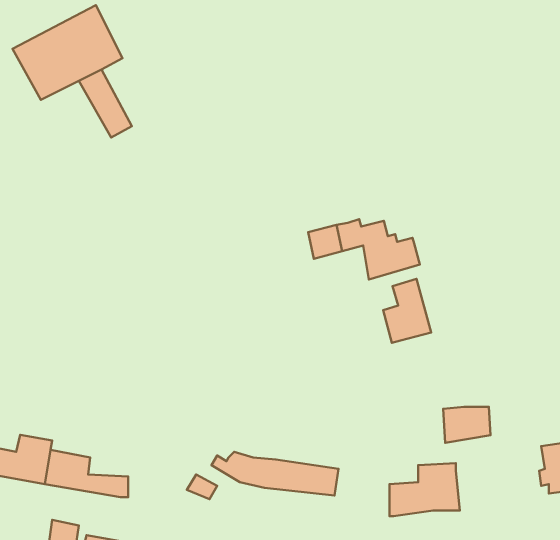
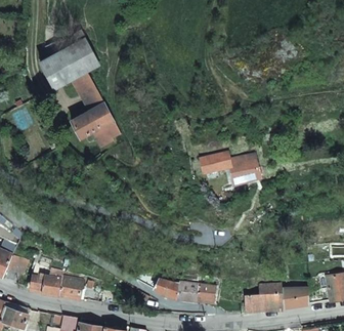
building: none -> [72,101,122,146]
building: [383,279,431,343] -> none
building: [443,407,491,443] -> [284,288,309,307]

